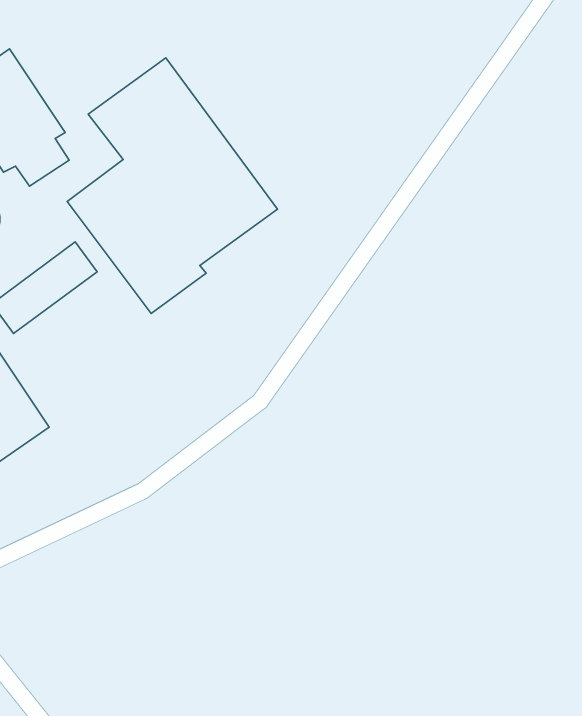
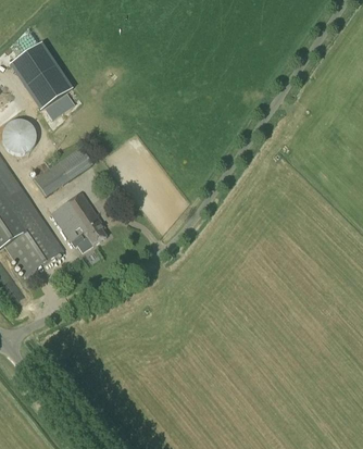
building: [67,58,277,314] -> none
building: none -> [52,192,107,252]

